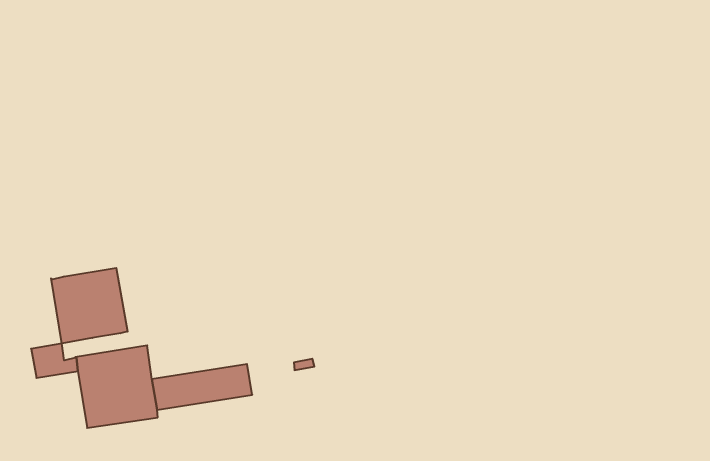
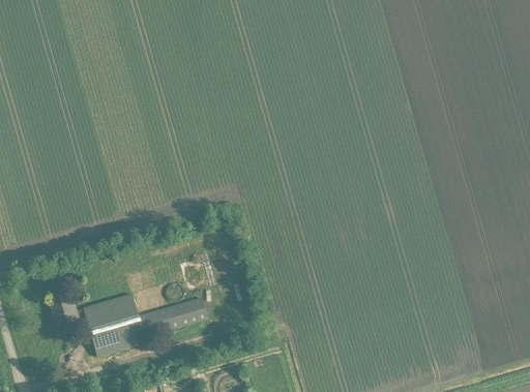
building: [51,268,128,344] -> none

